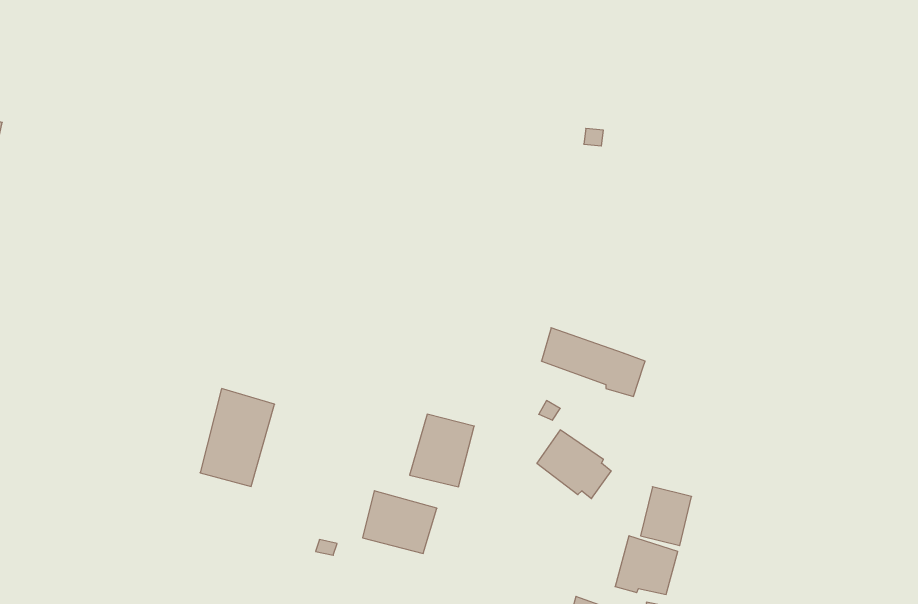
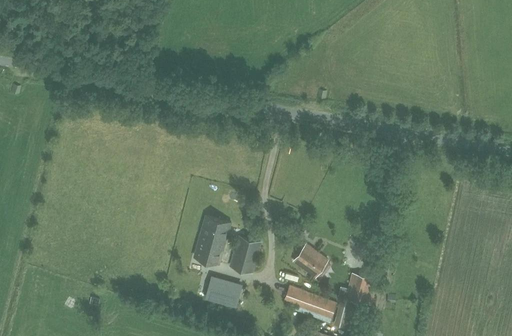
building: [541,328,645,396] -> [283,285,336,320]
building: [200,389,275,486] -> [193,214,231,264]

